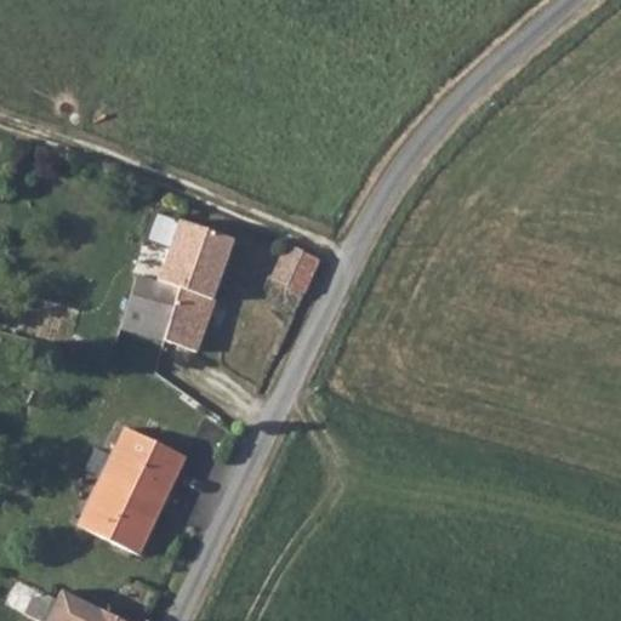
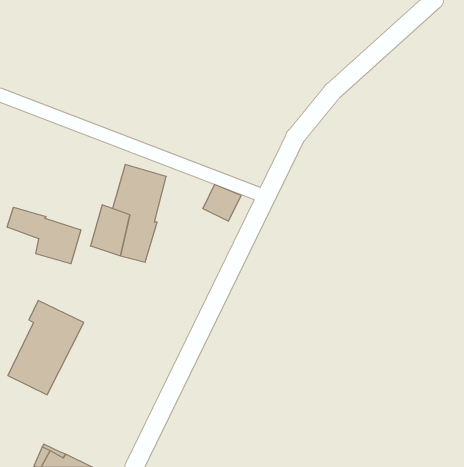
building: none -> [7,207,81,264]
building: [87,429,188,554] -> [8,301,84,395]

